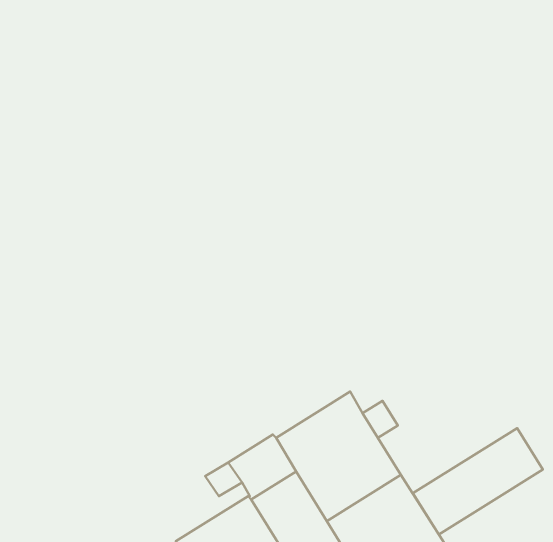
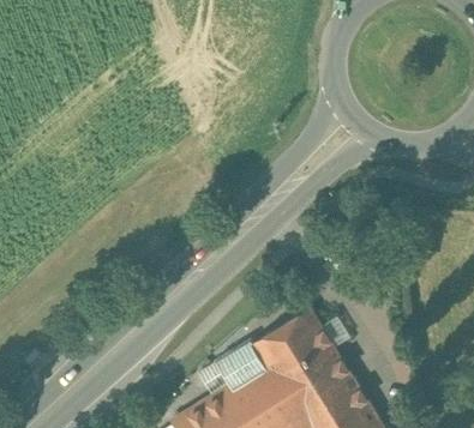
building: [413,428,543,534] -> none

